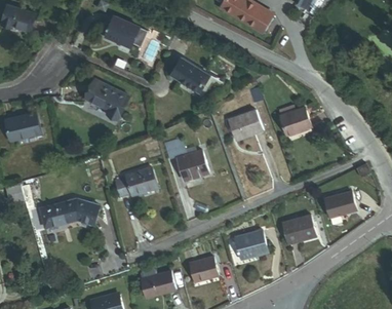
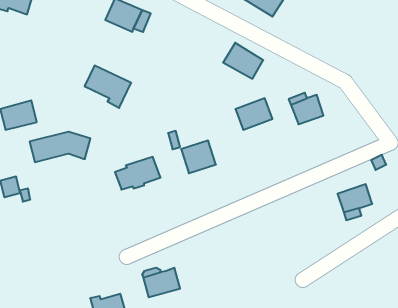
building: [170,57,208,91] -> [223,43,263,79]
building: [40,198,97,227] -> [30,132,90,162]
building: [282,216,316,244] -> none
building: [235,230,268,259] -> none
building: [189,256,219,281] -> none

